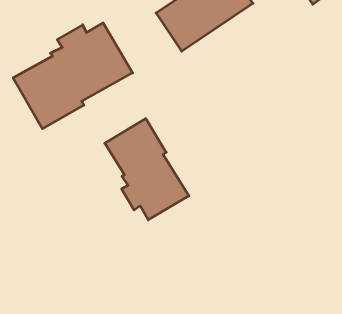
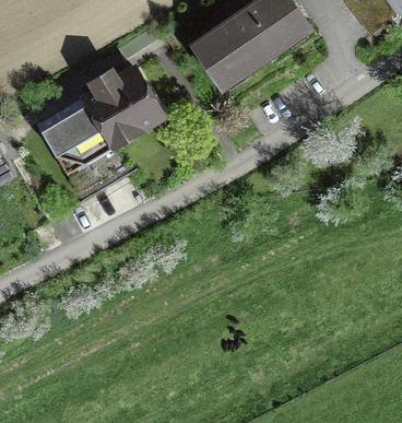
building: [105,119,189,220] -> none

